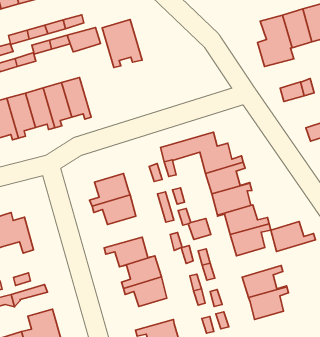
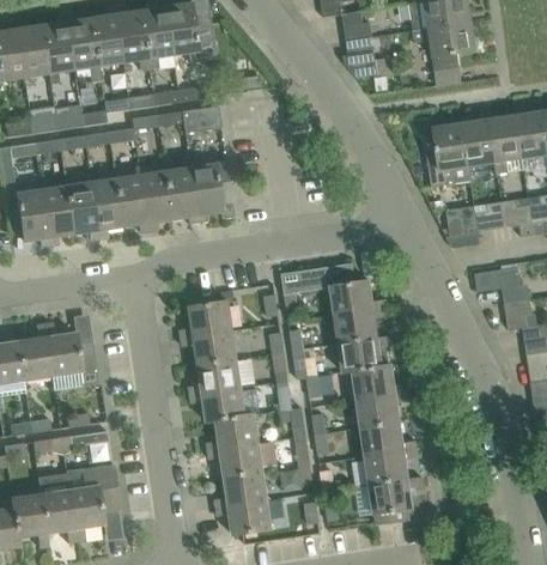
building: [102,19,142,68] -> [187,162,233,221]
building: none -> [188,358,241,394]
building: [271,222,315,251] -> [360,421,417,456]
building: none -> [214,470,267,506]

